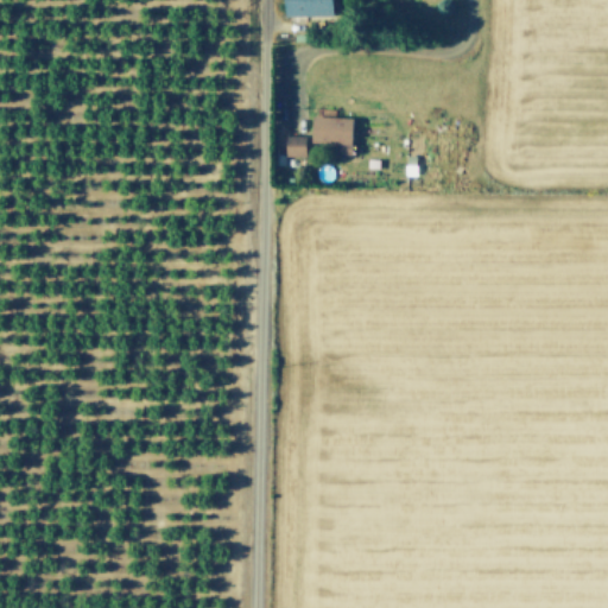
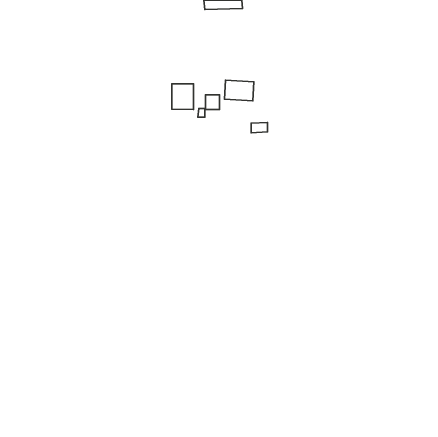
building: none -> [172,84,194,109]

